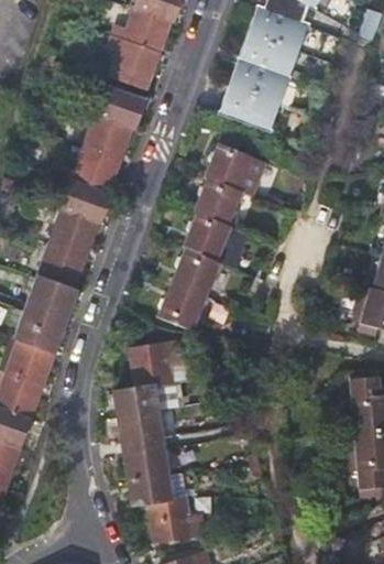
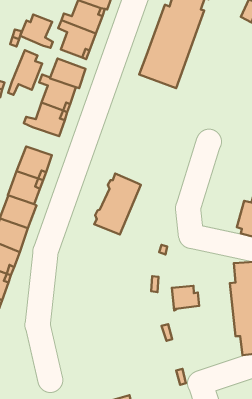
building: none -> [20,15,53,48]
building: none -> [8,50,42,95]
building: [184,134,267,260] -> none
building: [64,183,111,223] -> none
building: [116,341,204,543] -> none
building: none -> [172,286,199,310]

